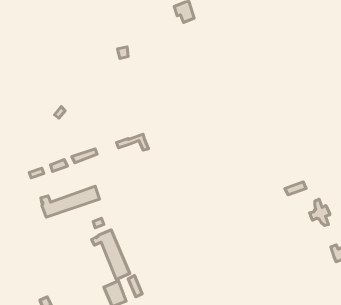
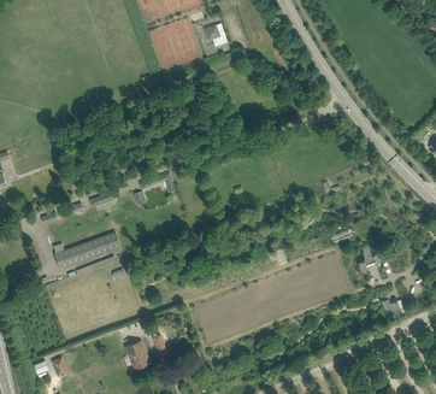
building: [92,230,130,279] -> none

